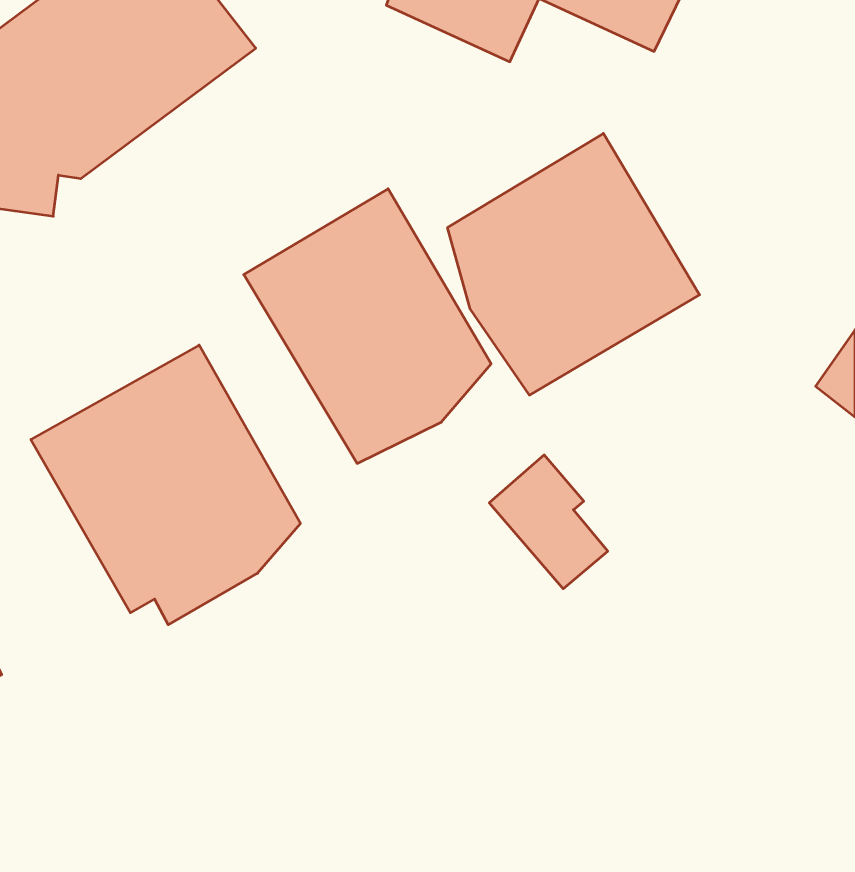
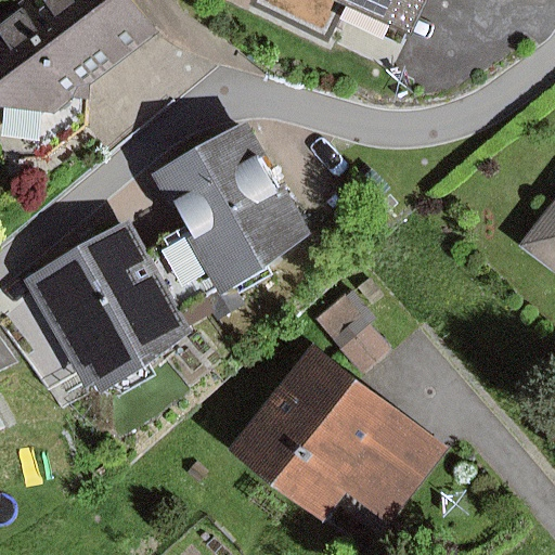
building: [448,133,700,395] -> none
building: none -> [229,343,441,521]

